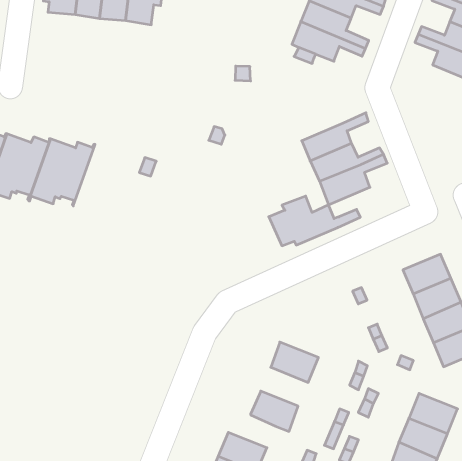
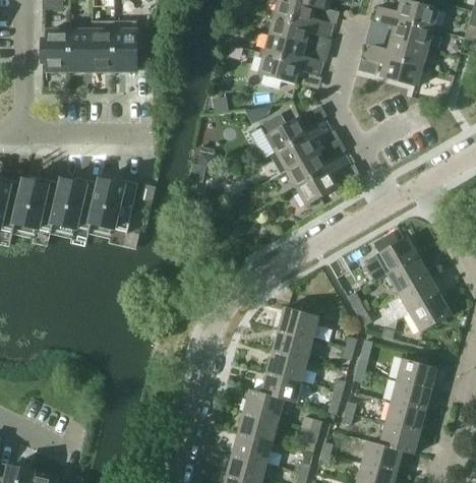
building: none -> [88,179,138,234]
building: [269,196,360,246] -> [250,112,329,157]
building: none -> [279,307,319,338]
building: none -> [267,351,307,381]
building: none -> [244,389,284,420]

